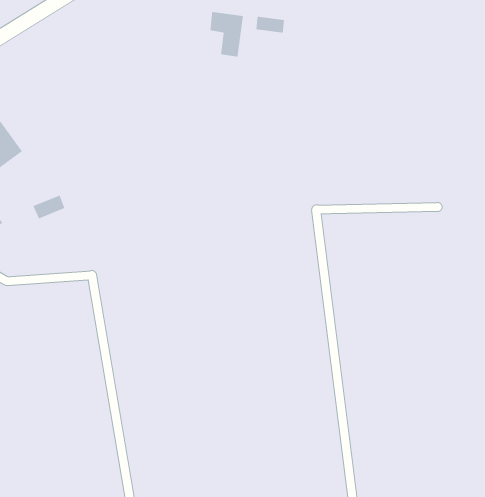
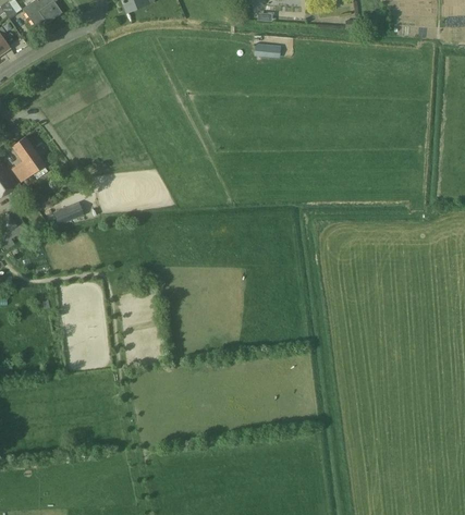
building: [210,11,243,57] -> none

